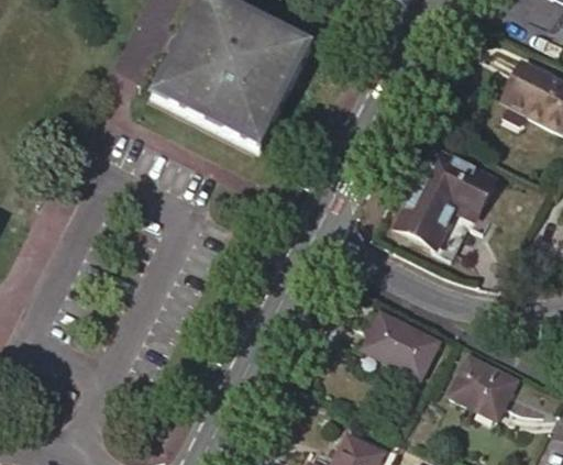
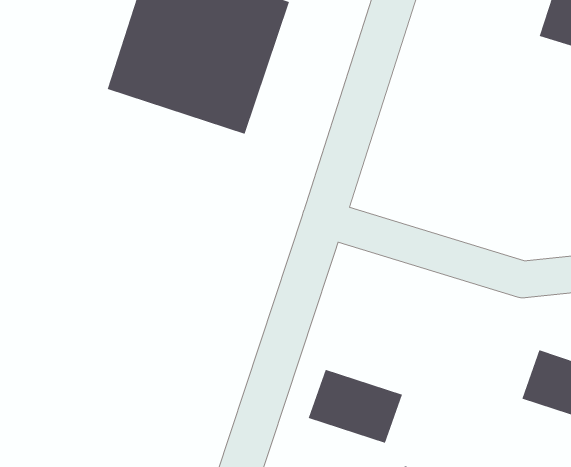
building: [396,150,493,259] -> none
building: [361,311,440,378] -> [308,369,403,444]

